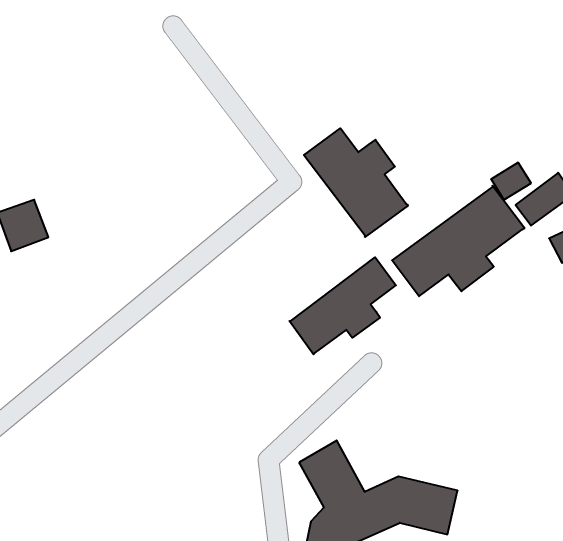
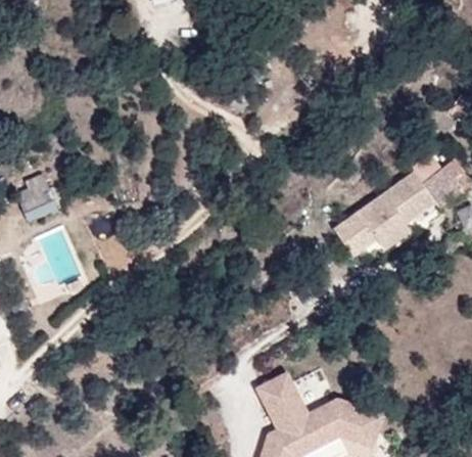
building: [304,128,408,237] -> none
building: [289,257,396,354] -> none

